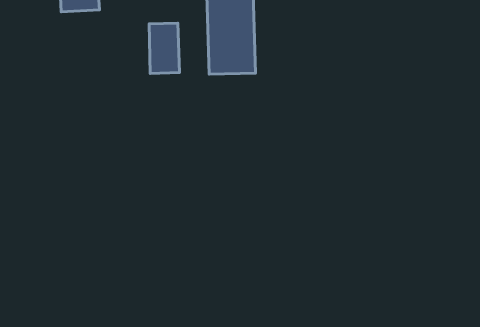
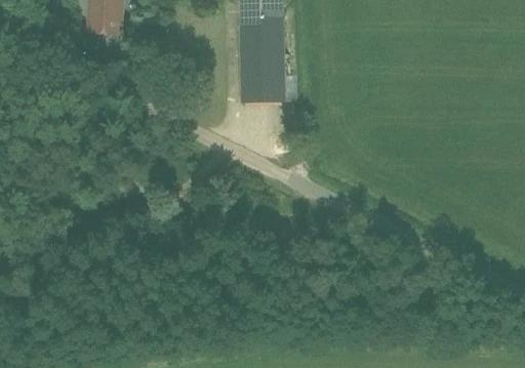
building: [149,23,180,73] -> none

